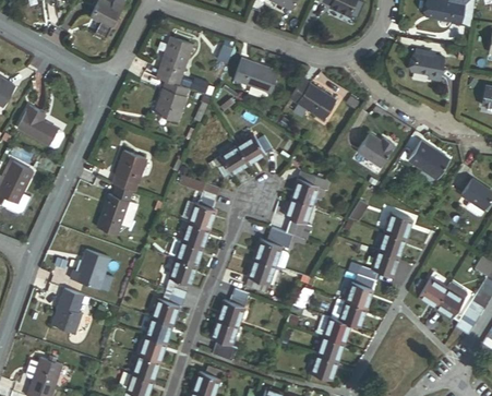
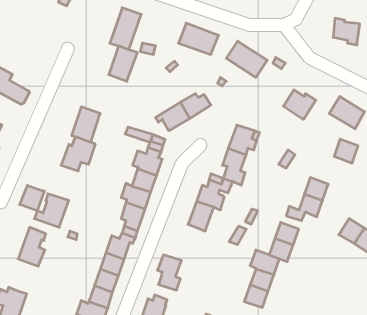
building: [385,212,412,239] -> [334,139,358,163]
building: none -> [20,185,44,211]
building: [217,295,247,326] -> none

